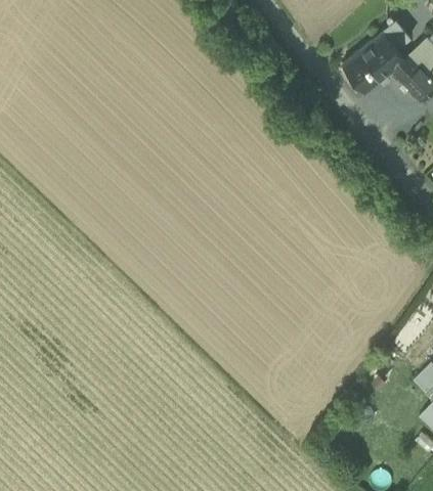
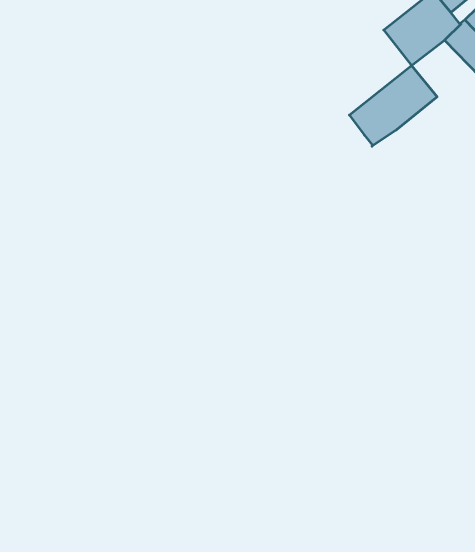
building: none -> [349,66,437,146]

